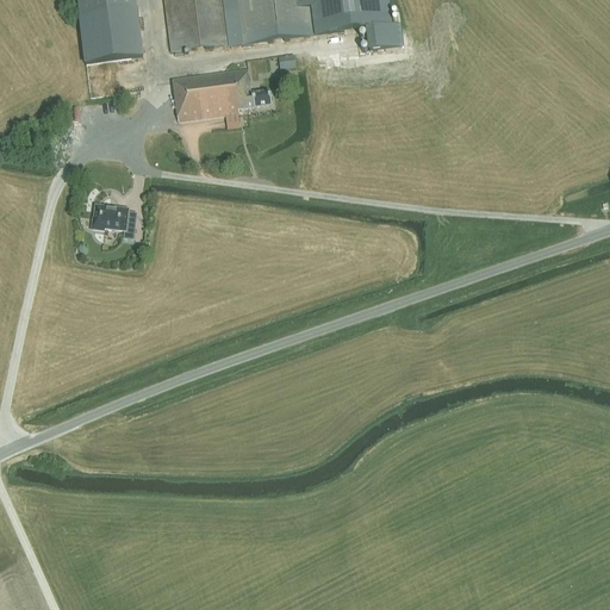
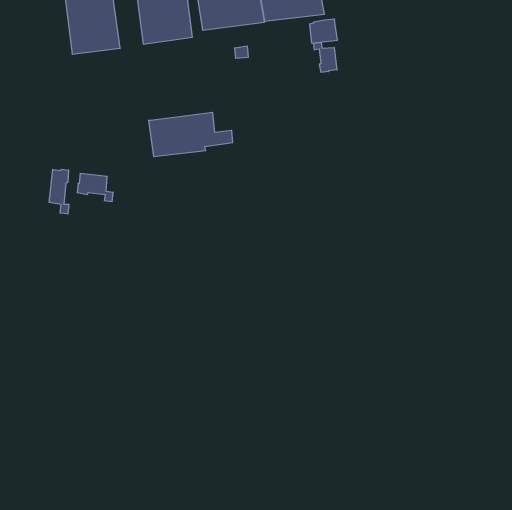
building: none -> [314,42,337,72]
building: [172,69,272,122] -> [149,112,233,156]
building: none -> [49,169,69,214]

